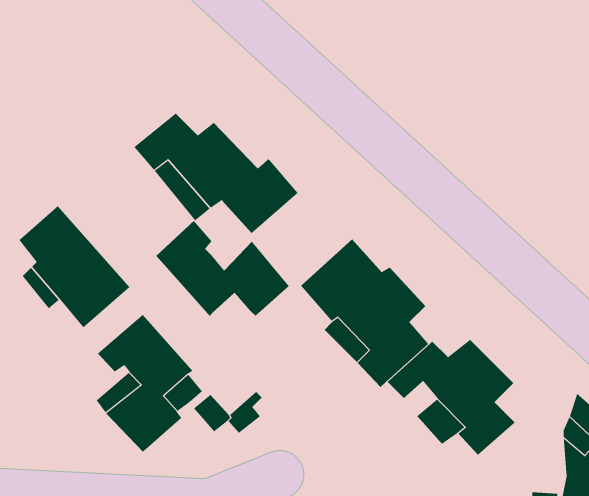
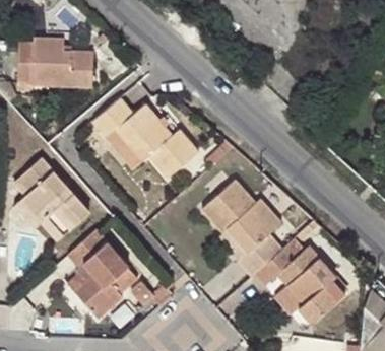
building: none -> [18,37,92,87]
building: [155,220,289,317] -> none

